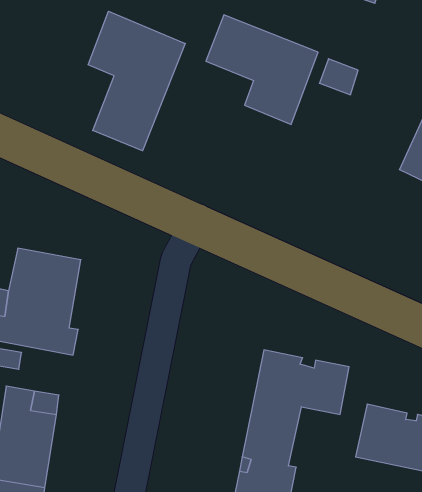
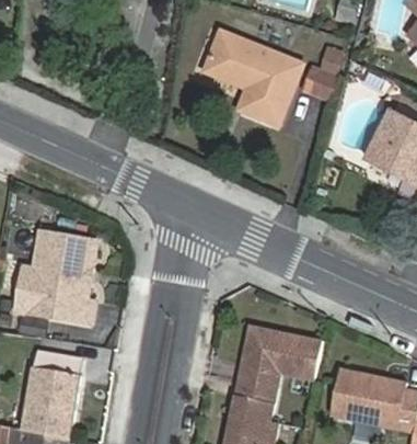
building: [88,11,185,151] -> none

